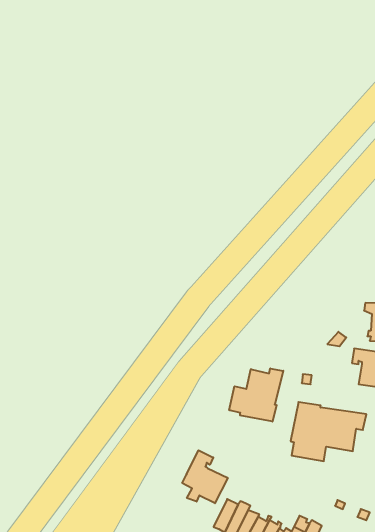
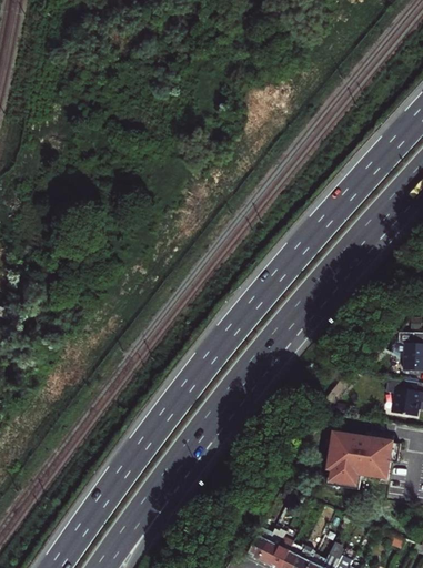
building: [229,368,283,422] -> none
building: [182,450,228,503] -> none

